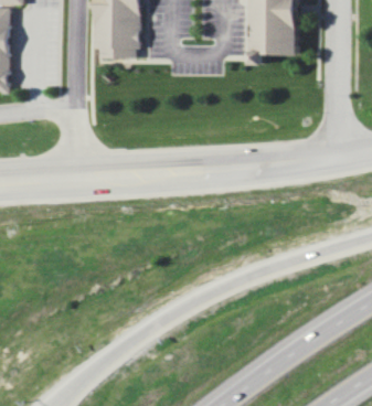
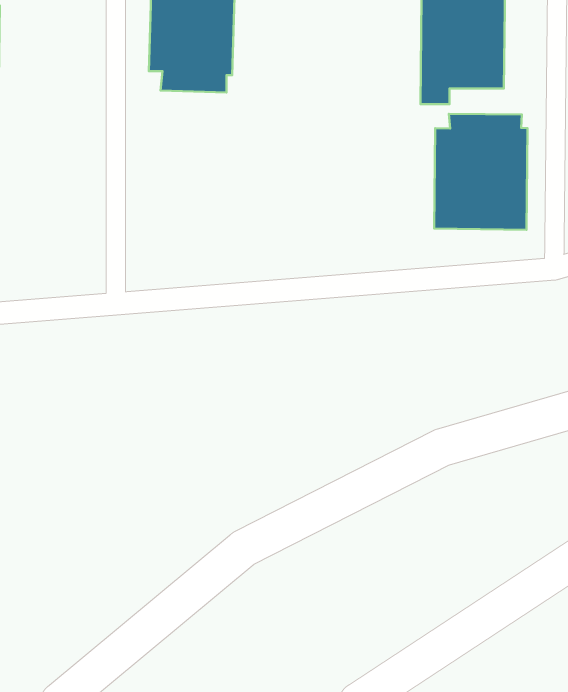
building: none -> [434,114,527,230]

